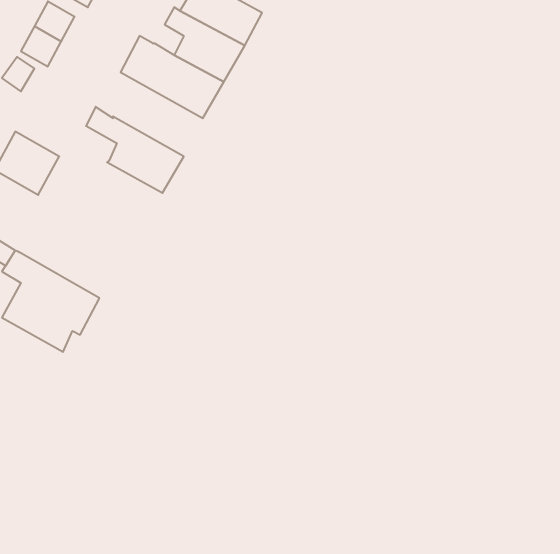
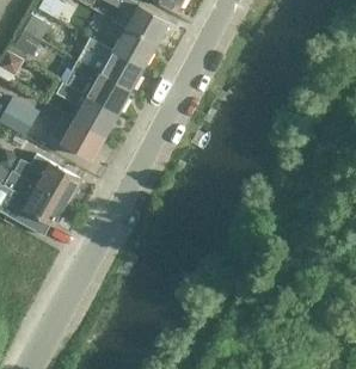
building: none -> [72,60,129,112]
building: none -> [51,111,104,156]
building: none -> [14,156,79,201]

